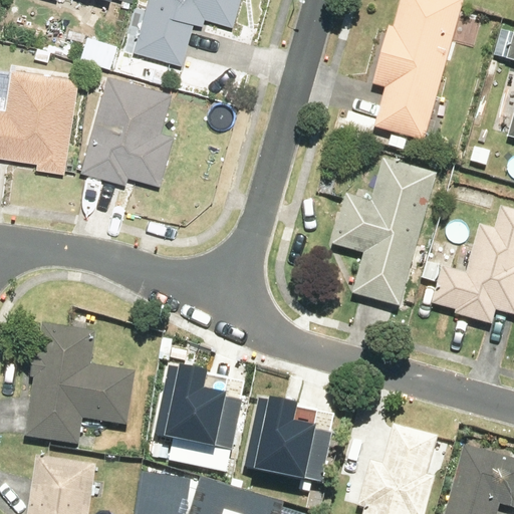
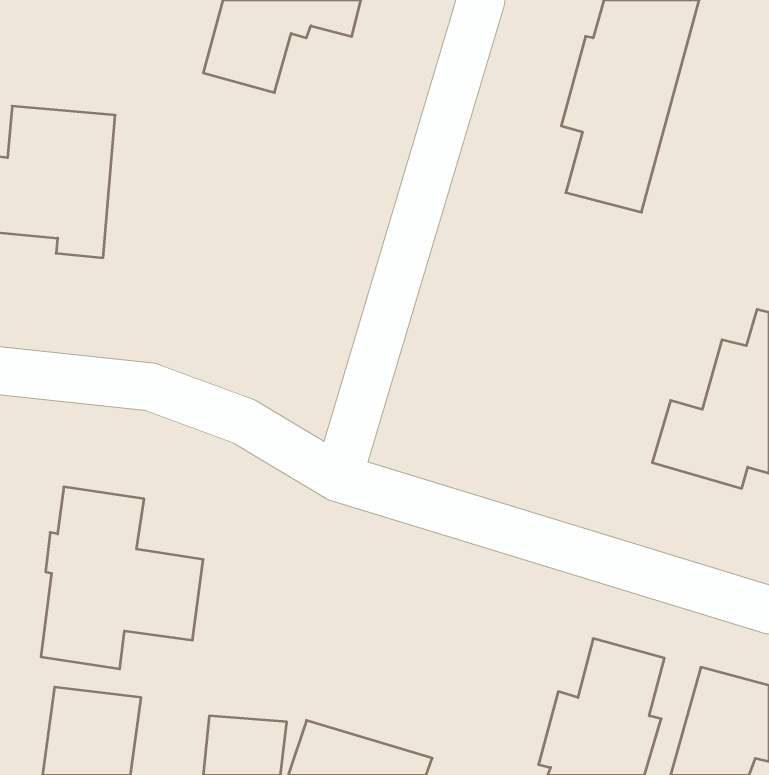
building: [80,72,174,184] -> none
building: [331,156,440,307] -> none
building: [148,361,236,450] -> none
building: [238,400,331,488] -> none

